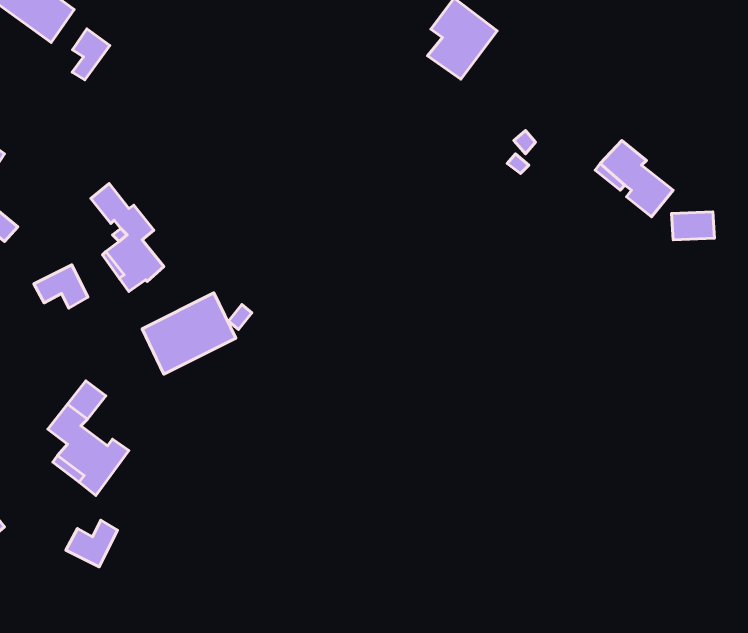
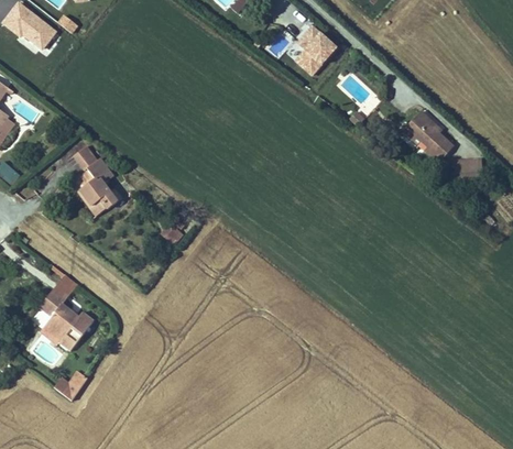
building: [72,29,110,80] -> none
building: [34,265,88,308] -> none
building: [142,293,236,374] -> none

